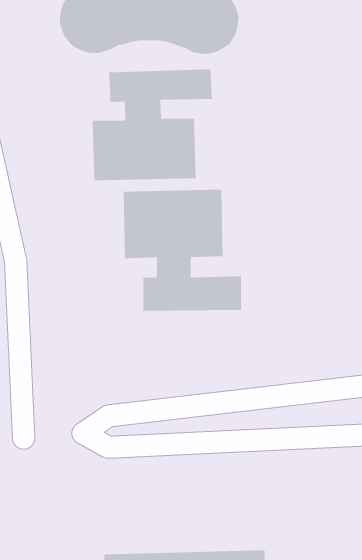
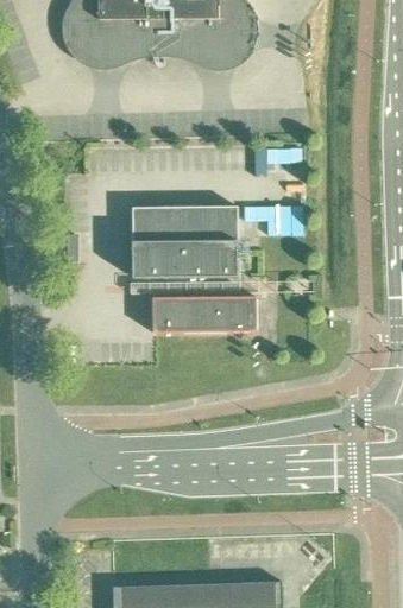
building: [92,68,212,181] -> none

